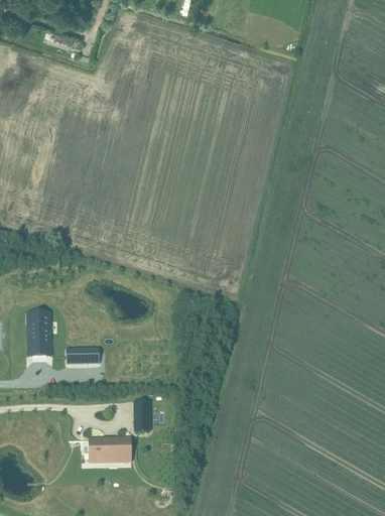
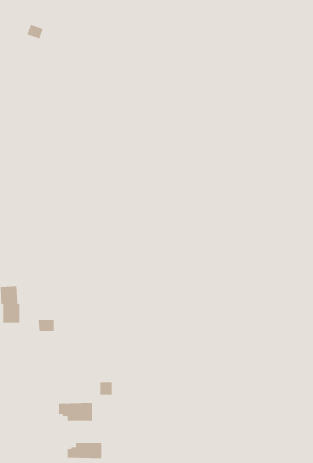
building: none -> [67,442,102,459]

